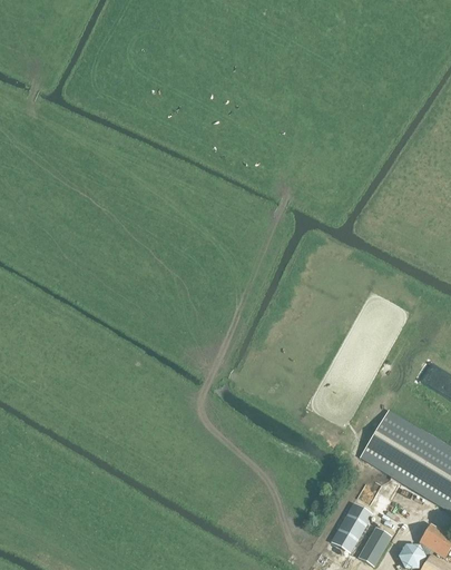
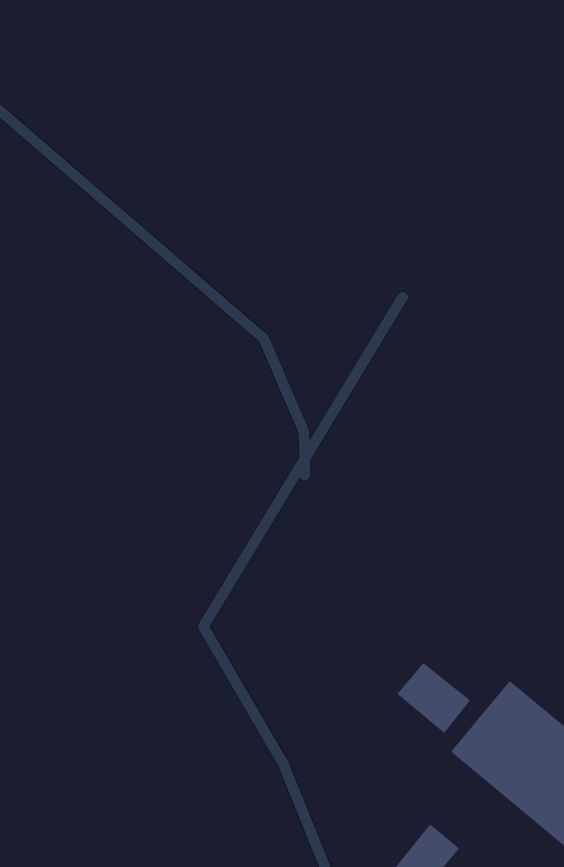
building: none -> [396,662,471,734]

